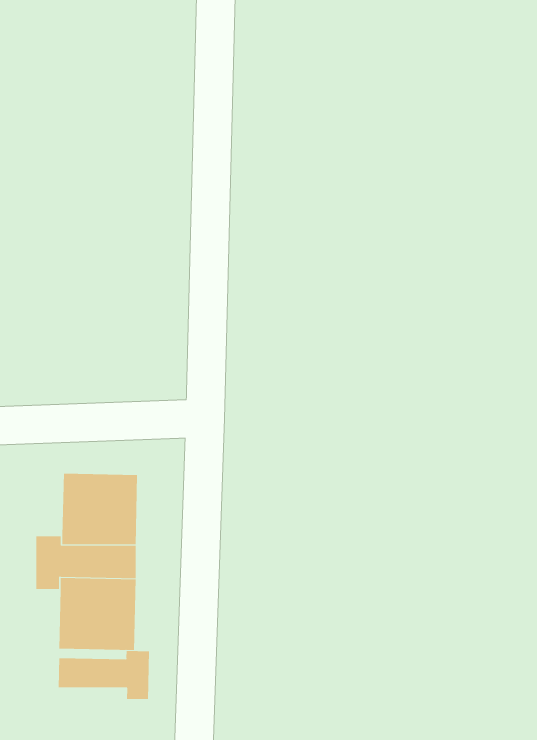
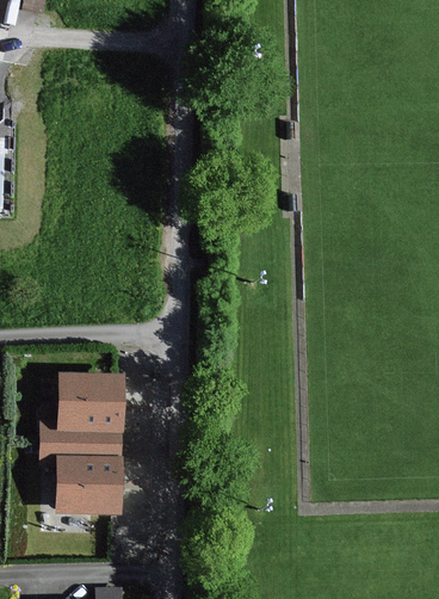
building: [58,650,149,700] -> none

